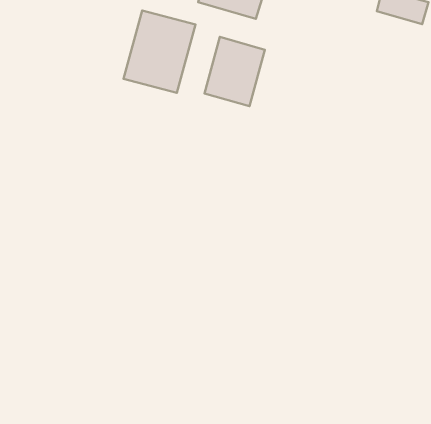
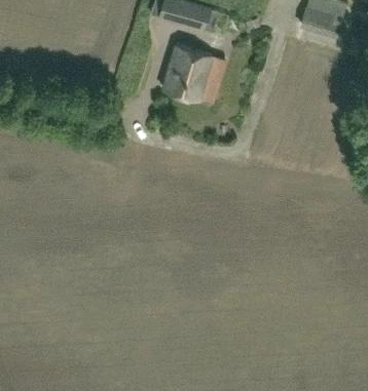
building: [124,11,196,93] -> none

